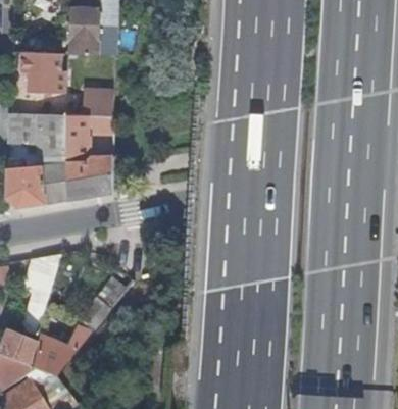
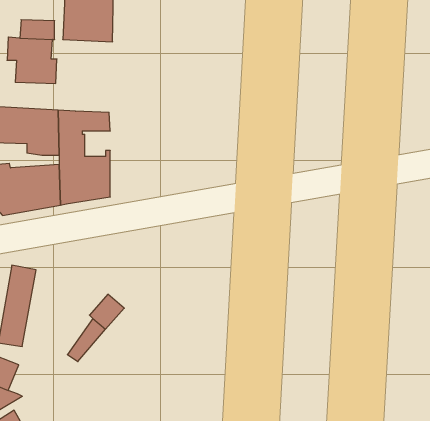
building: [84,90,114,117] -> none
building: [33,330,86,374] -> none

